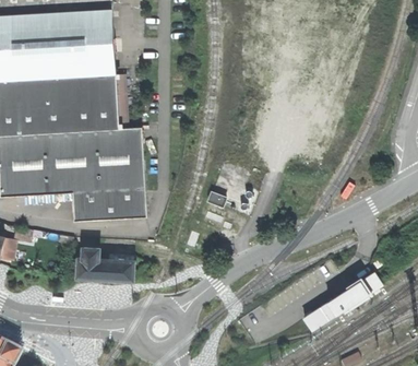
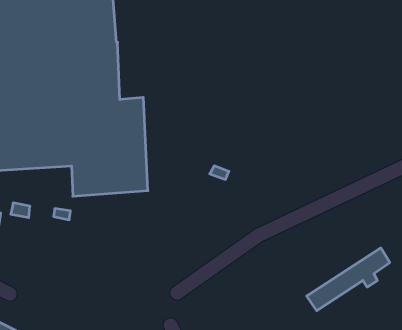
building: [76,247,133,280] -> none

